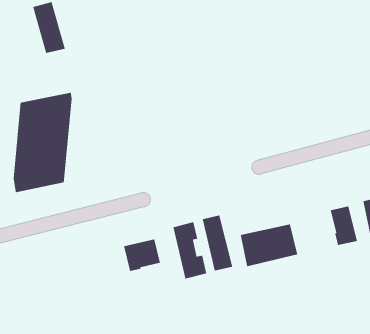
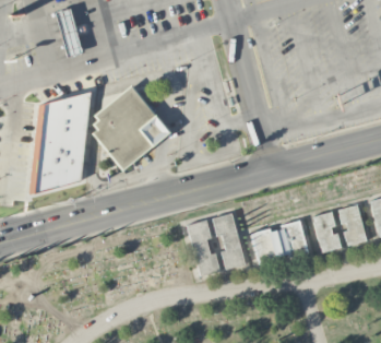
building: none -> [91,84,170,169]
building: none -> [313,212,341,252]
building: [123,238,161,272] -> none

